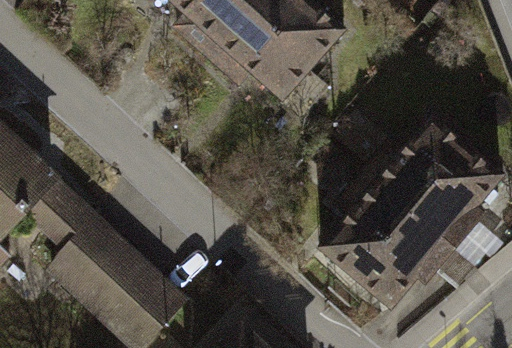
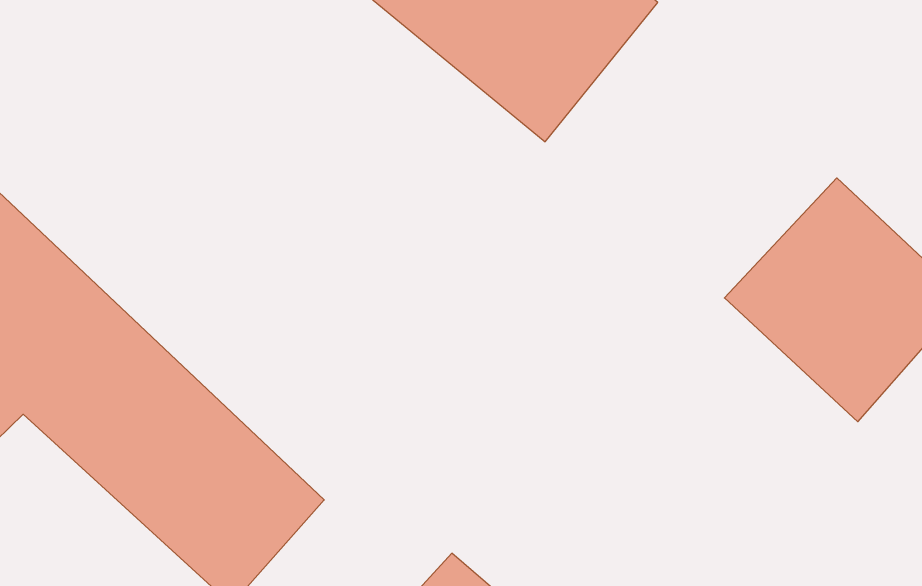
building: [333,184,458,308] -> none

